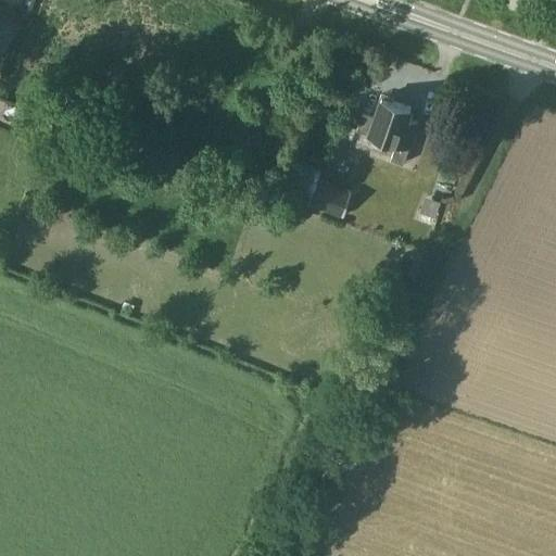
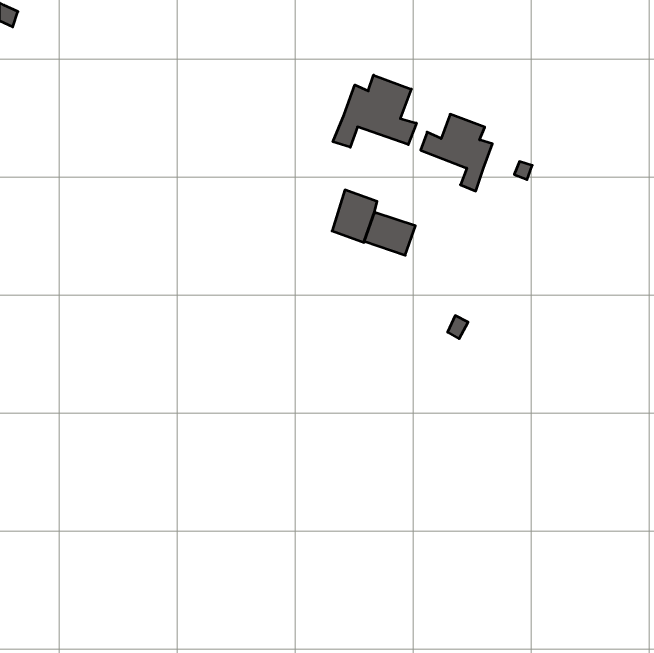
building: none -> [333,75,416,147]

